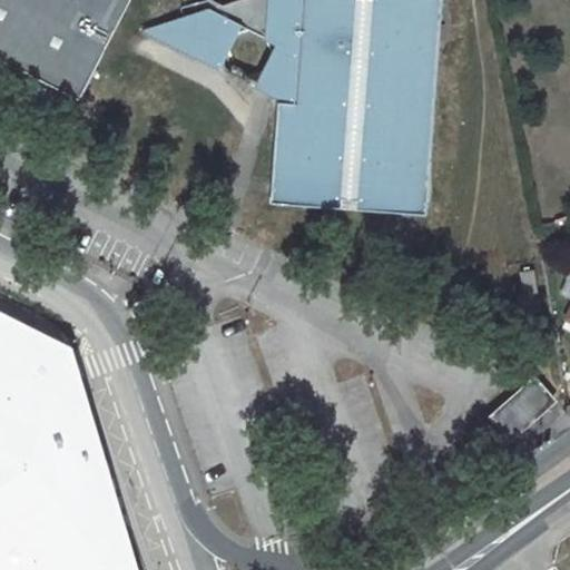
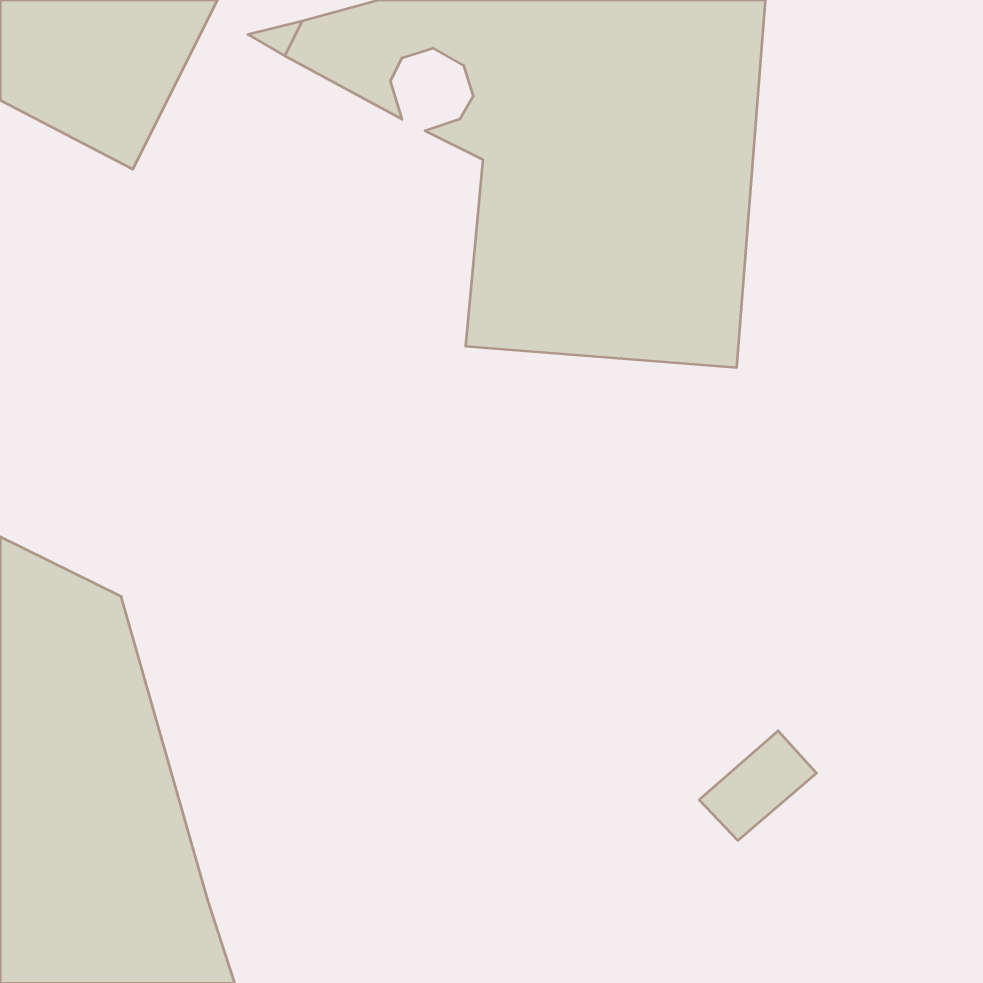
building: [488,376,556,440] -> [699,731,817,840]

